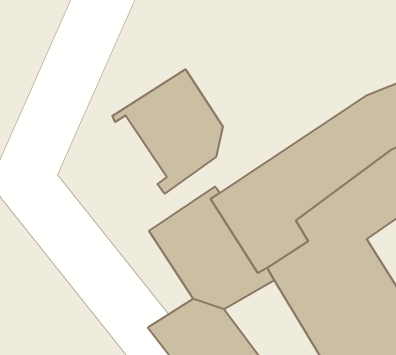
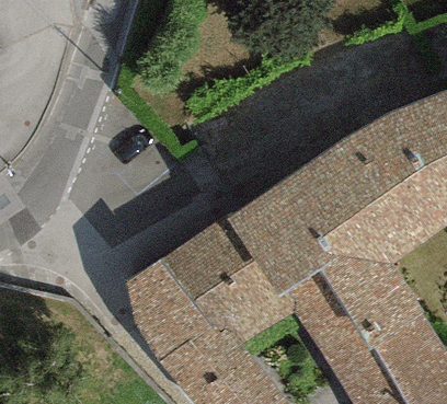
building: [112,69,223,194] -> none
building: none -> [126,256,208,359]

